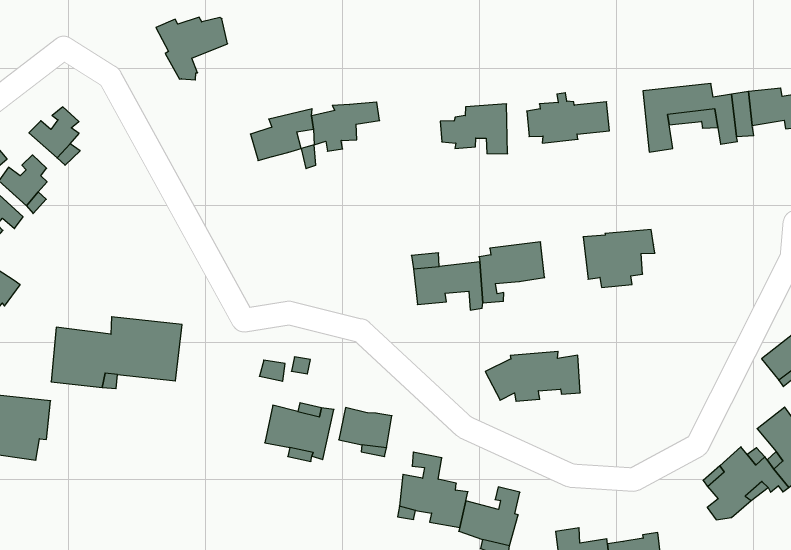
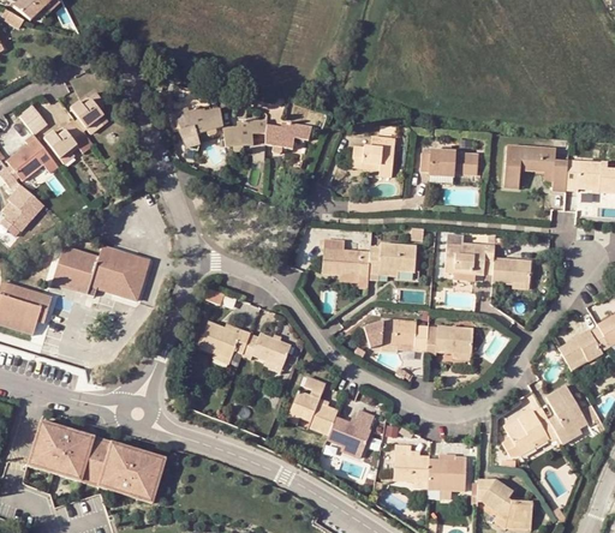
building: [156,17,228,80] -> [175,112,223,156]
building: none -> [490,256,529,283]
building: none -> [424,322,470,352]

